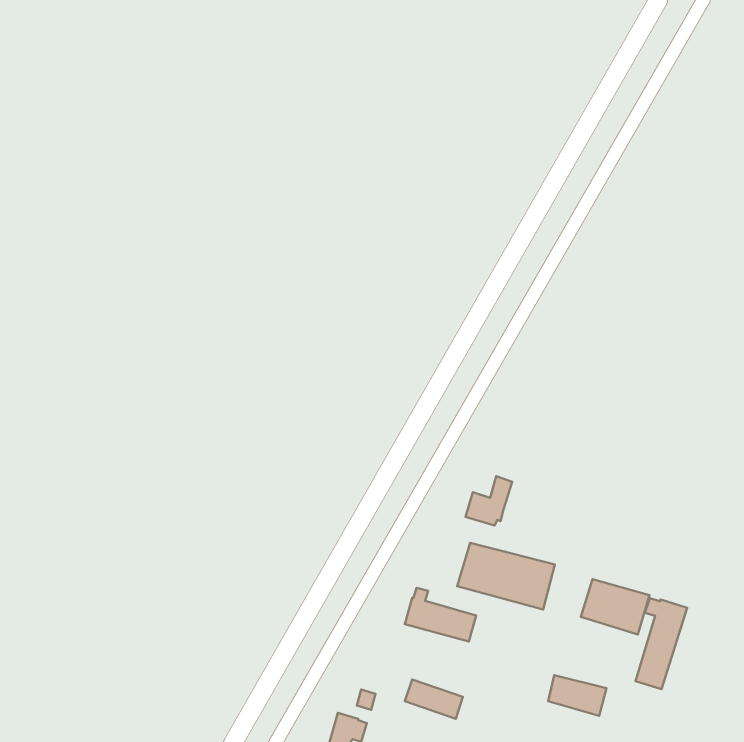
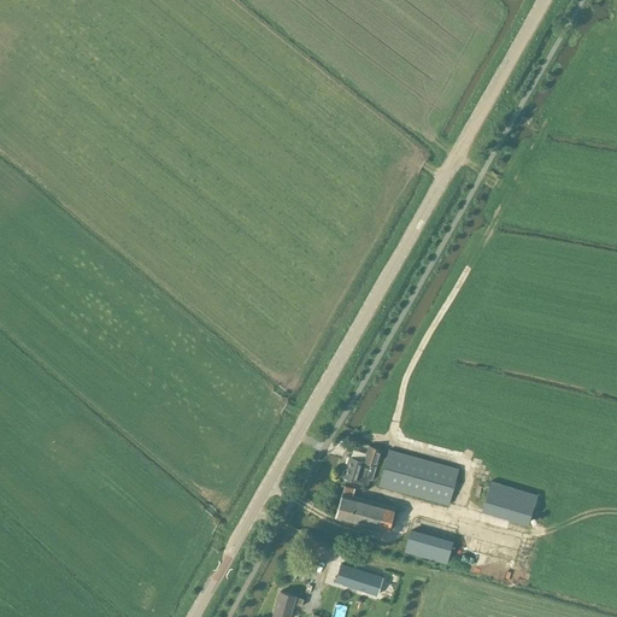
building: [466,476,512,526] -> [343,445,382,486]
building: [635,598,687,689] -> none
building: [548,675,607,716] -> [405,530,453,564]

